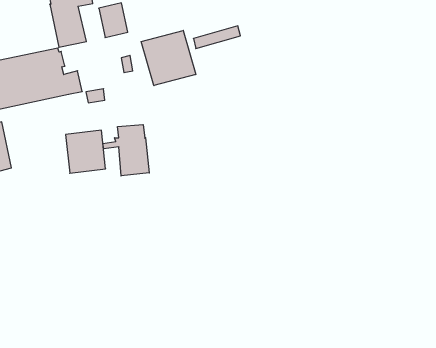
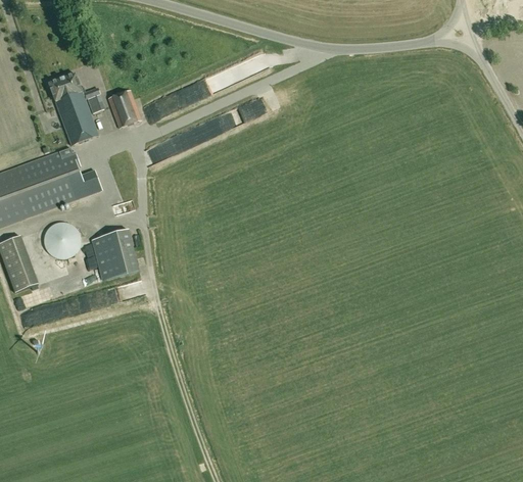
building: [141,30,196,86] -> none
building: none -> [43,222,80,258]
building: [103,125,149,176] -> none

